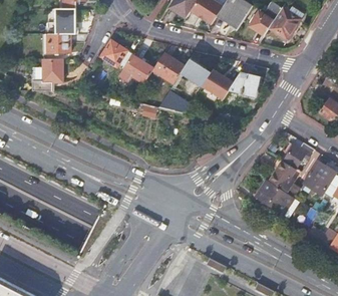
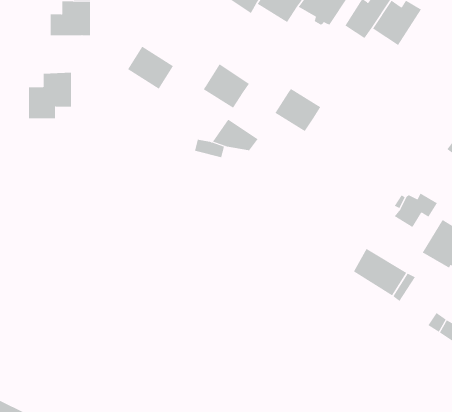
building: [47,33,69,52] -> none
building: [119,54,153,83] -> none
building: [181,54,211,86] -> none
building: [229,72,263,94] -> none
building: [270,160,297,192] -> none

